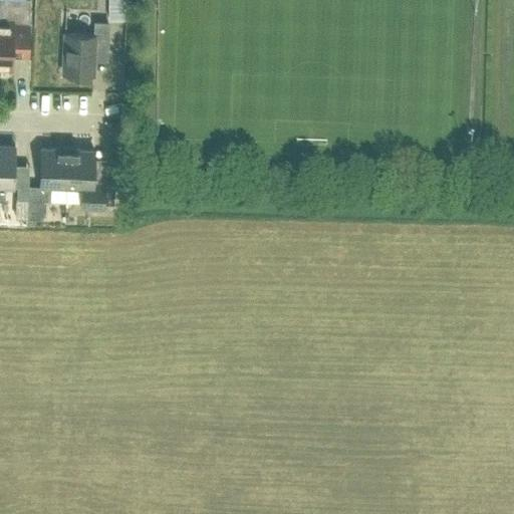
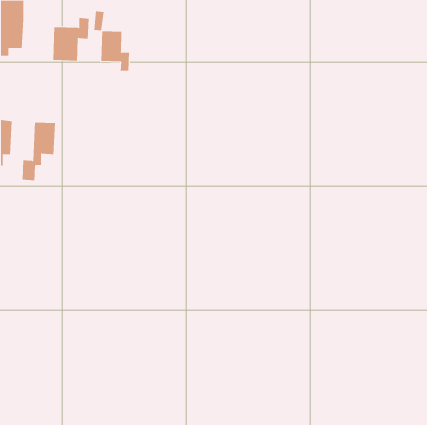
building: none -> [101,31,129,71]
building: [65,151,104,210] -> none

